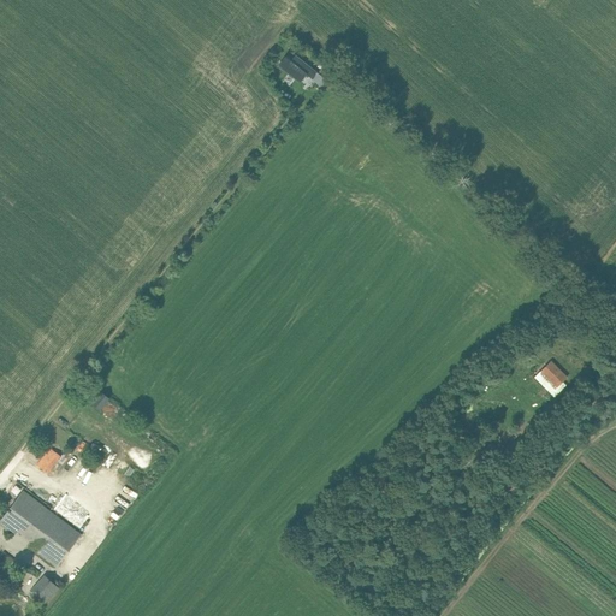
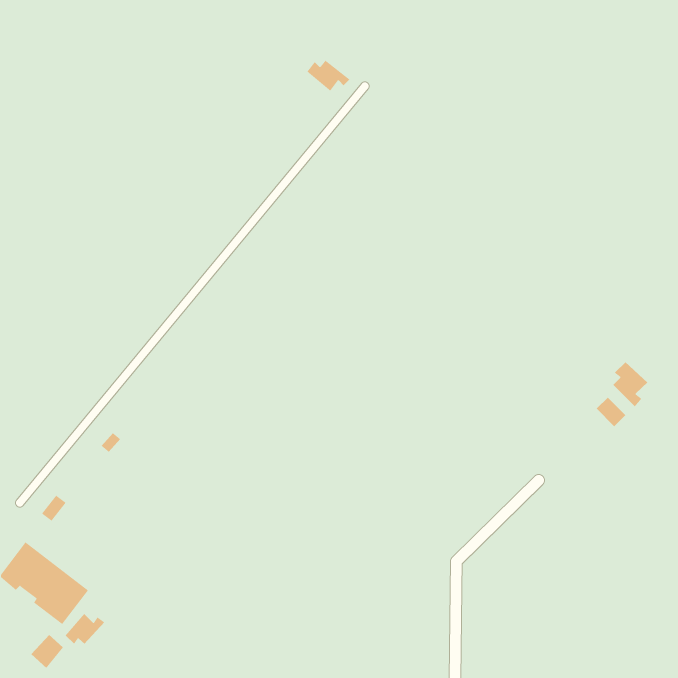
building: none -> [612,362,648,407]
building: none -> [65,613,105,645]

